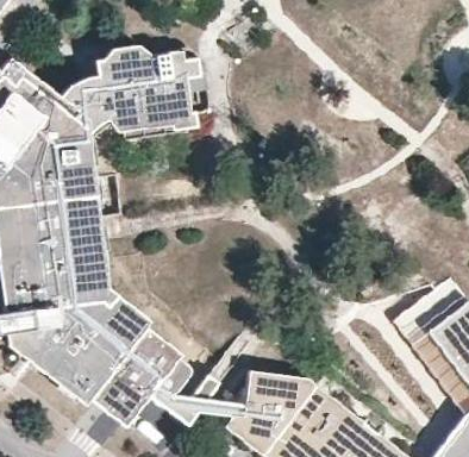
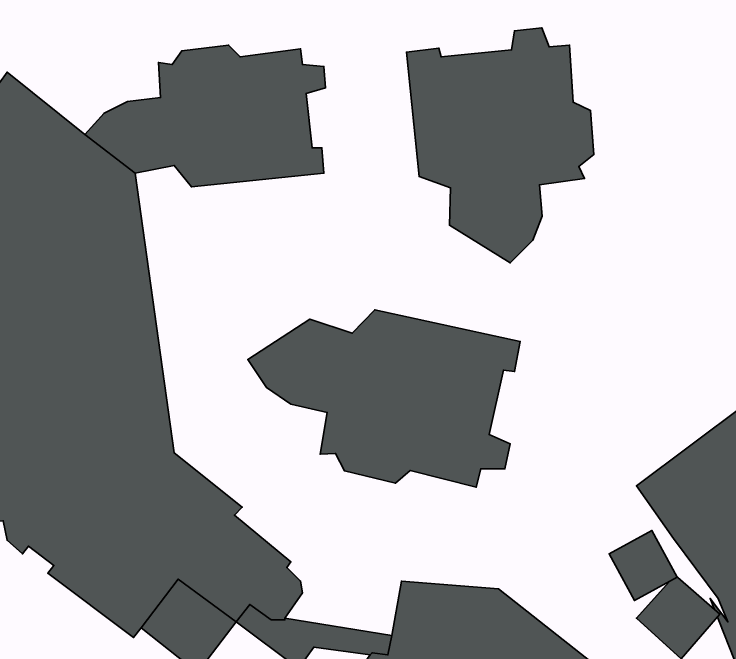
building: none -> [407,28,594,263]
building: none -> [248,310,520,487]

